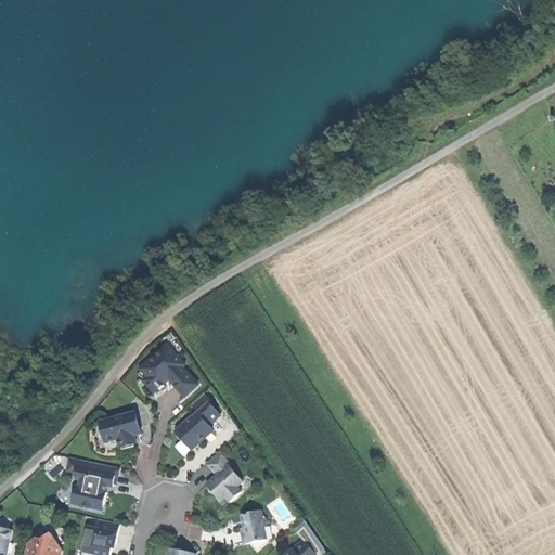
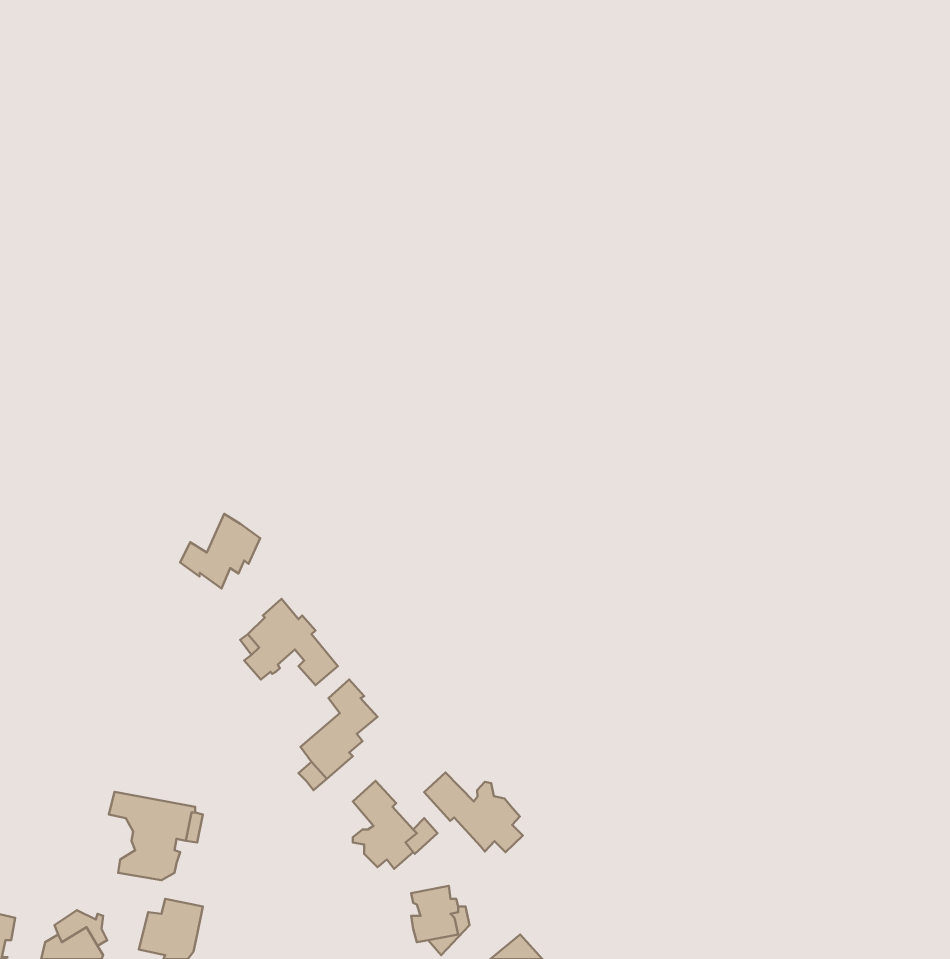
building: none -> [180,514,260,588]
building: [98,413,138,448] -> none
building: none -> [424,773,523,852]

